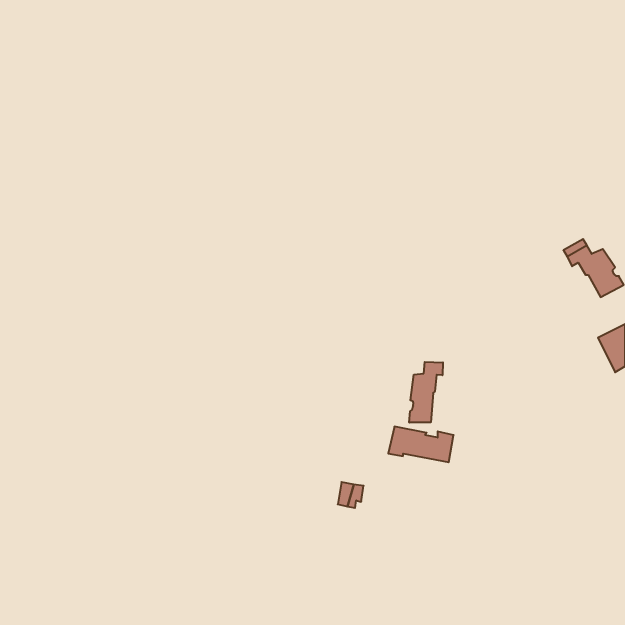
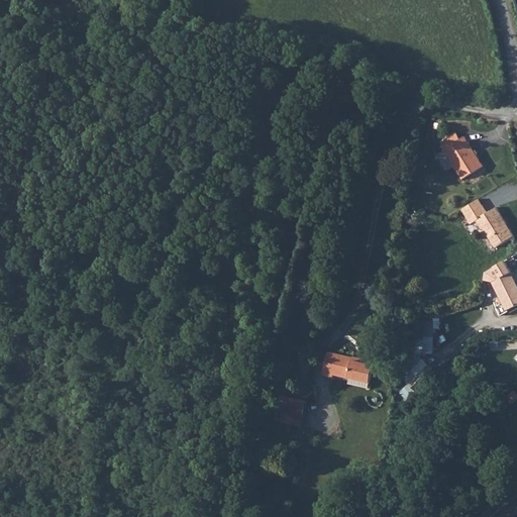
building: none -> [443,136,482,180]
building: [409,362,443,423] -> none

